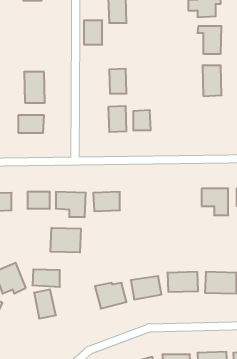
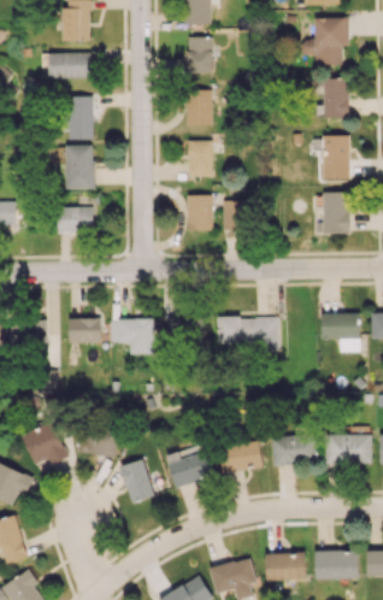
building: none -> [48,52,90,78]
building: [84,20,102,45] -> [187,90,213,125]
building: none -> [69,95,94,140]
building: none -> [323,192,350,234]
building: none -> [218,317,278,351]
building: [51,228,81,253] -> none
building: [34,289,56,319] -> [122,460,153,502]

